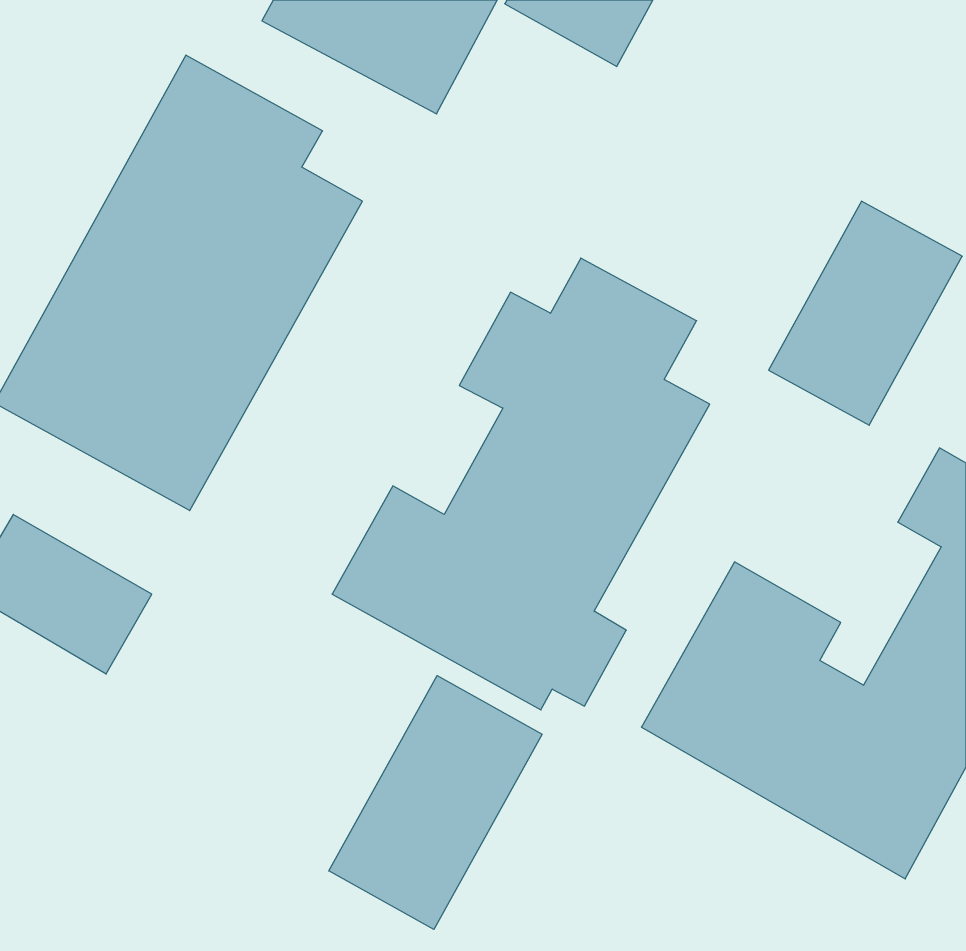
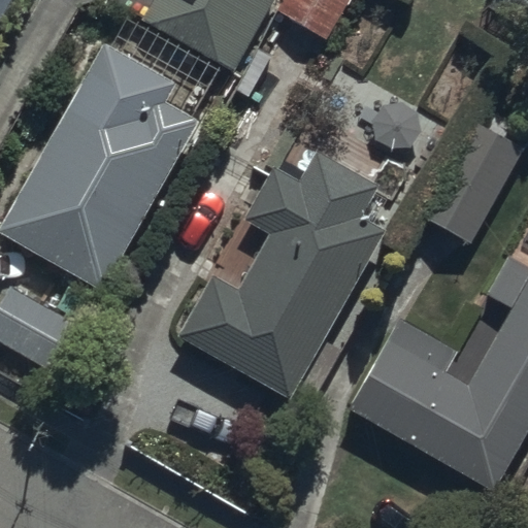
building: [329,676,542,929] -> none

